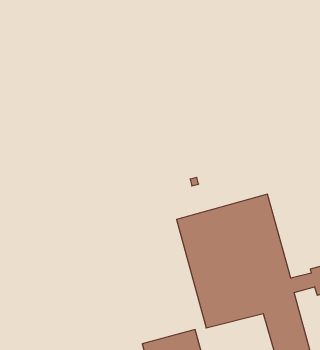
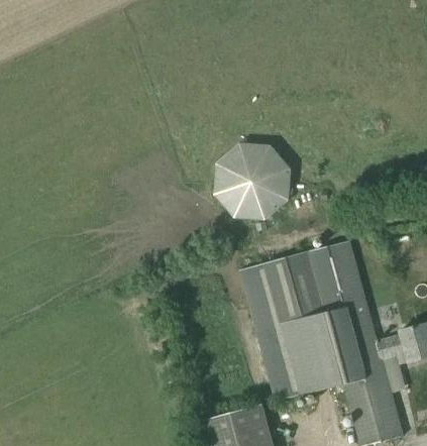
building: none -> [219,143,286,214]

